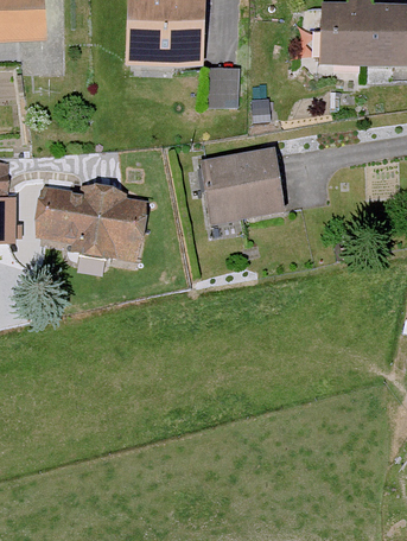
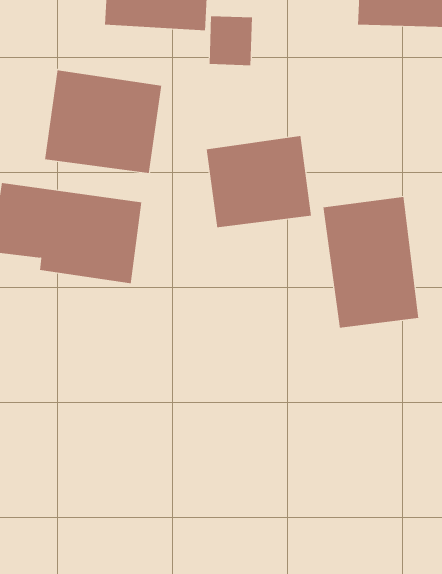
building: none -> [45,69,162,174]
building: none -> [323,196,419,329]

